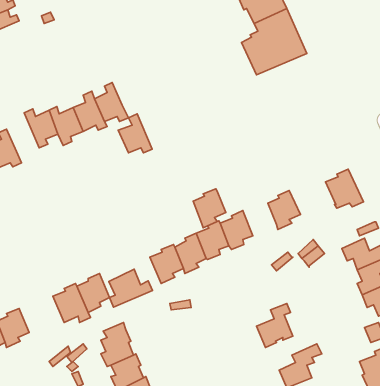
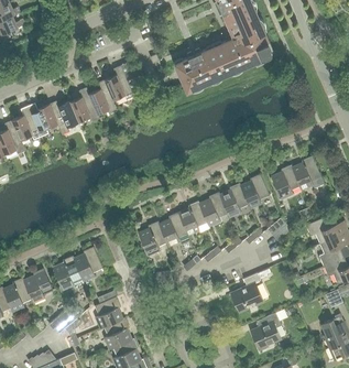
building: none -> [175,44,231,93]
building: none -> [12,106,41,140]
building: [118,114,152,153] -> [105,65,134,99]
building: none -> [271,164,301,199]
building: [193,189,226,228] -> [220,183,249,217]
building: [109,269,153,307] -> none
building: none -> [24,268,53,303]

